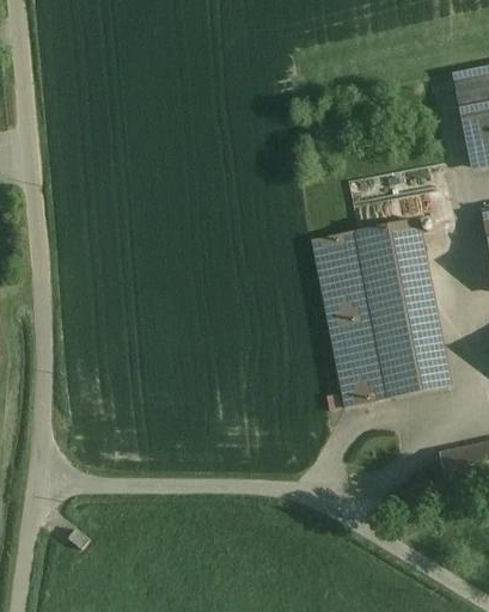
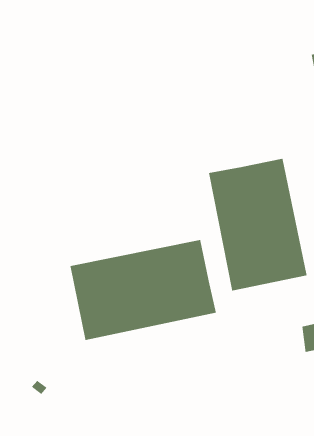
building: none -> [70,239,217,341]

